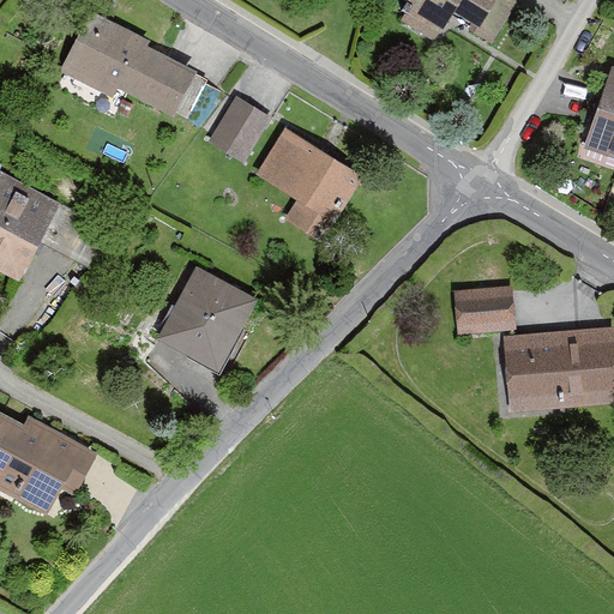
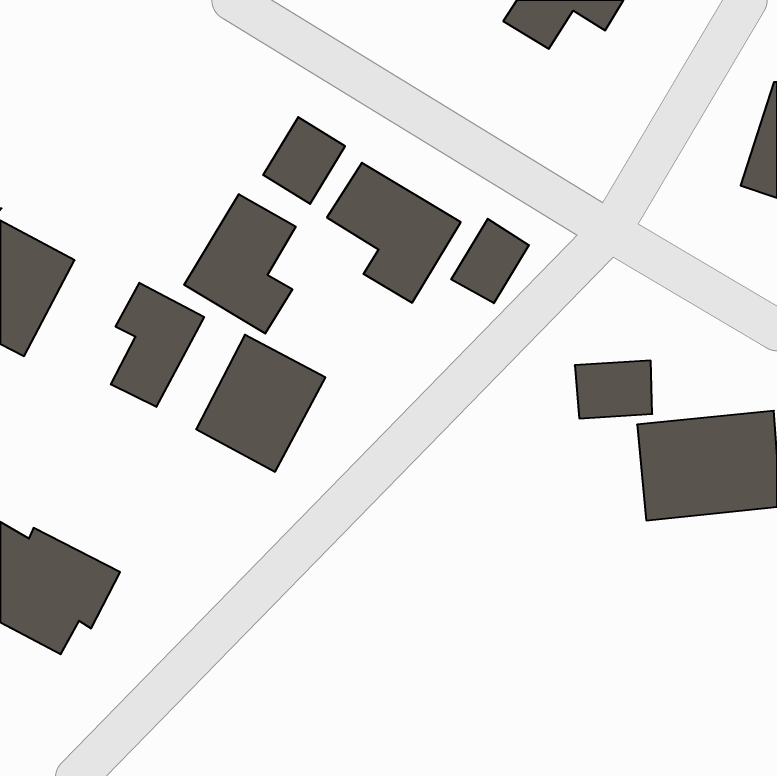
building: [59,6,199,119] -> none
building: none -> [184,194,296,334]
building: none -> [451,219,529,303]
building: none -> [111,283,204,407]

